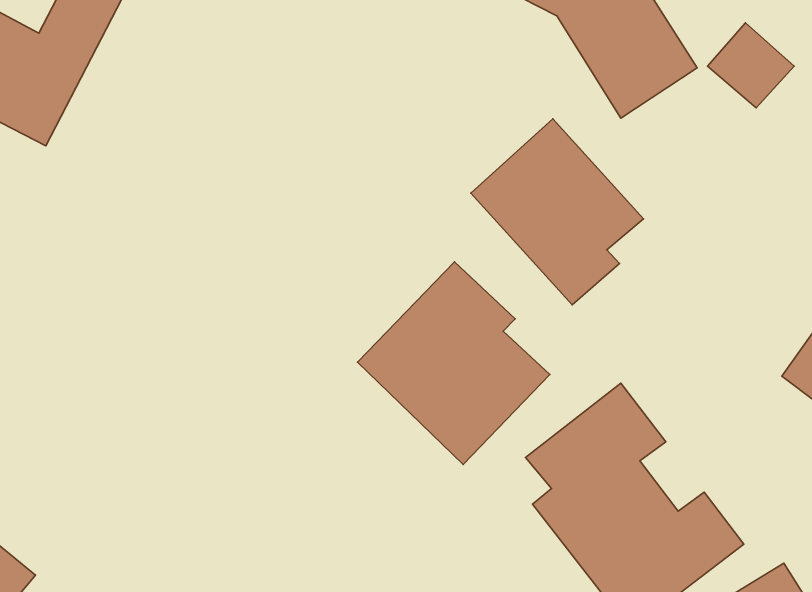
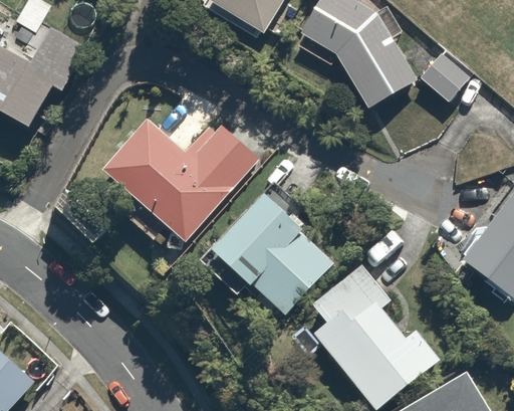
building: [471,119,643,305] -> none
building: none -> [102,118,259,243]

